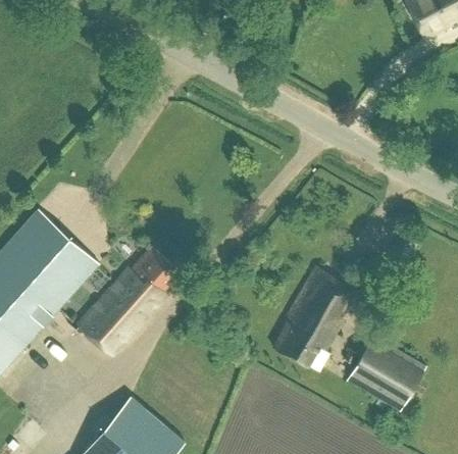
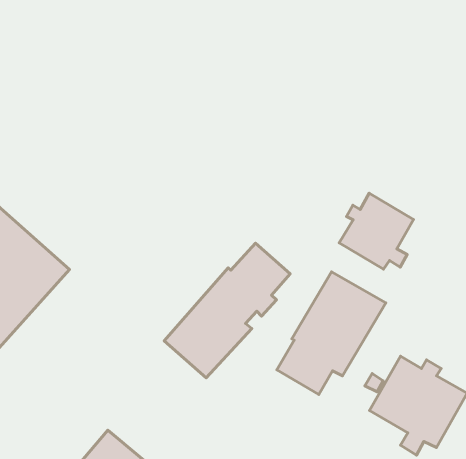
building: none -> [339,193,414,269]
building: [75,247,180,358] -> [164,243,290,378]

